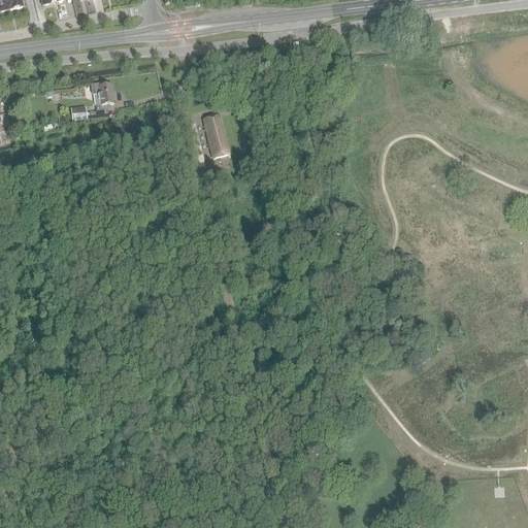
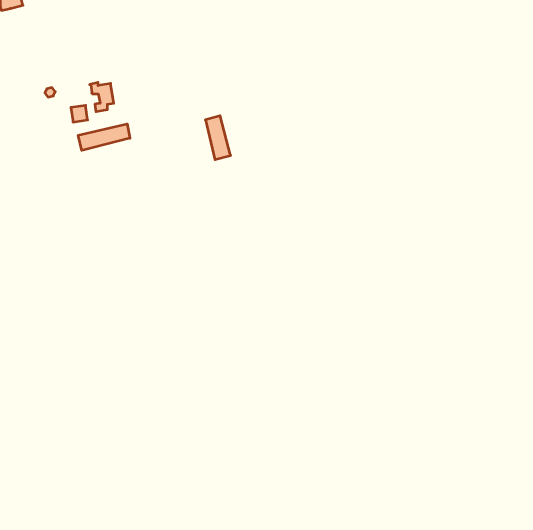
building: none -> [78,124,130,150]

